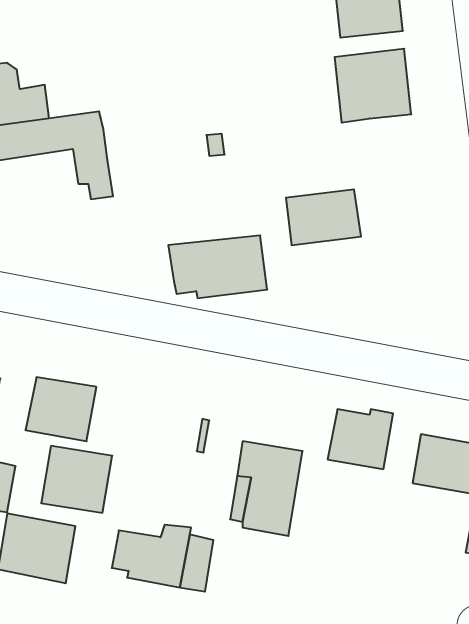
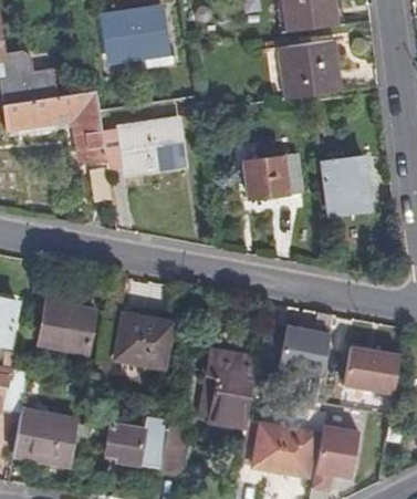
building: none -> [107,10,173,66]
building: none -> [320,157,368,215]
building: [168,235,267,298] -> [102,121,180,170]
building: [41,446,112,513] -> [114,314,170,367]
building: none -> [254,424,315,476]
building: none -> [313,426,359,490]

